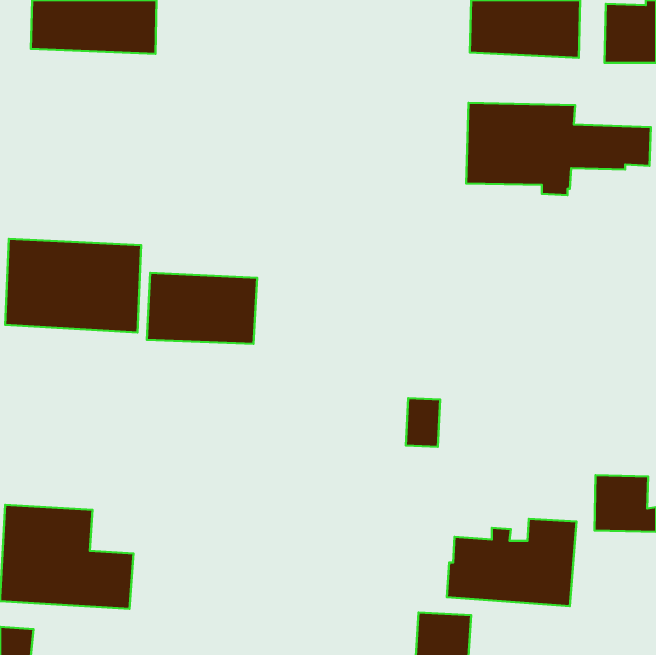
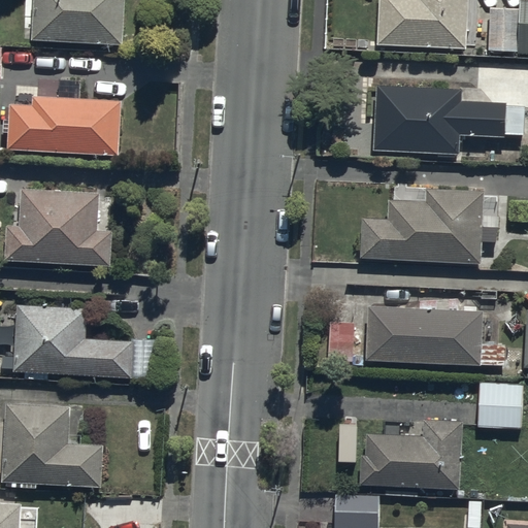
building: none -> [6,94,123,157]
building: none -> [359,188,495,263]
building: [147,273,257,344] -> none
building: none -> [365,298,504,364]
building: none -> [9,307,135,382]

